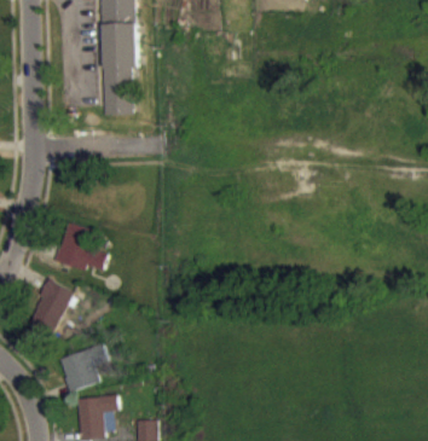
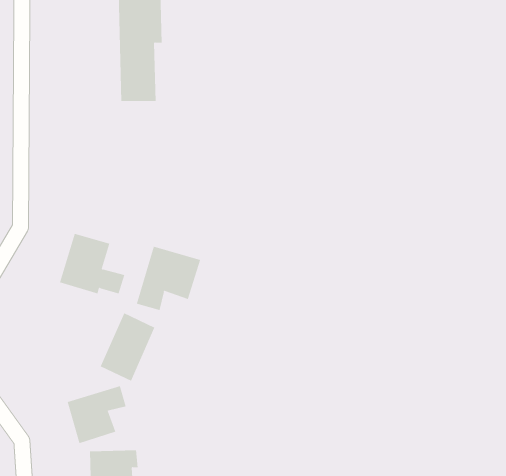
building: none -> [136,246,201,311]
building: [28,279,73,335] -> [100,313,155,381]

